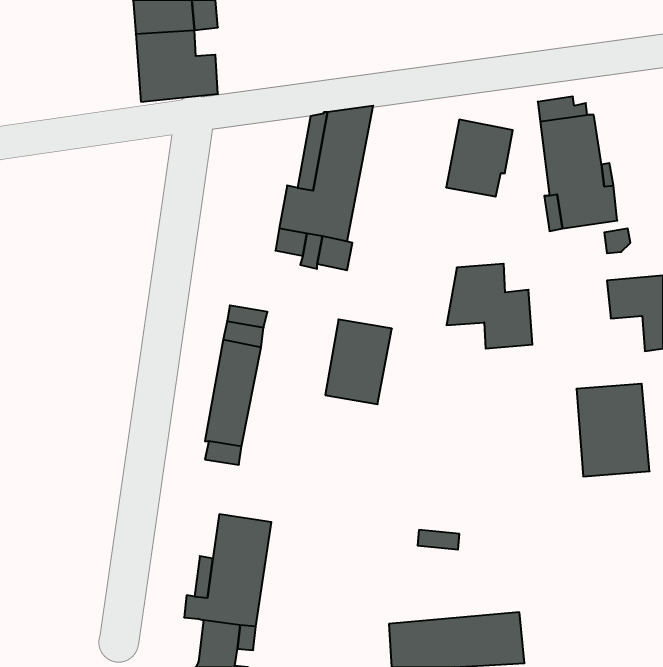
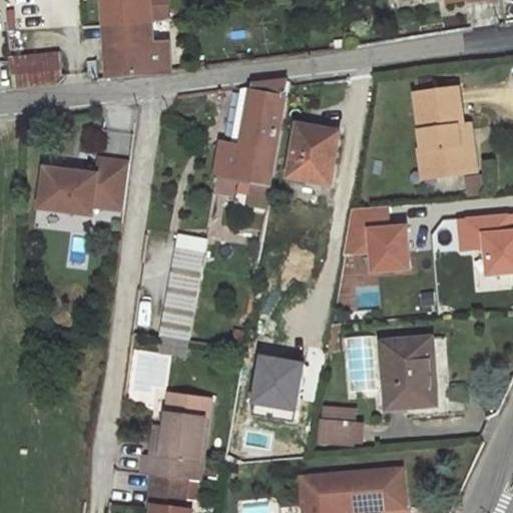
building: none -> [7,53,55,88]
building: [446,120,513,197] -> [287,124,338,183]
building: none -> [39,160,127,215]
building: [325,319,392,404] -> [252,355,304,420]
building: [576,384,650,476] -> [380,339,436,410]
building: none -> [316,419,359,444]

